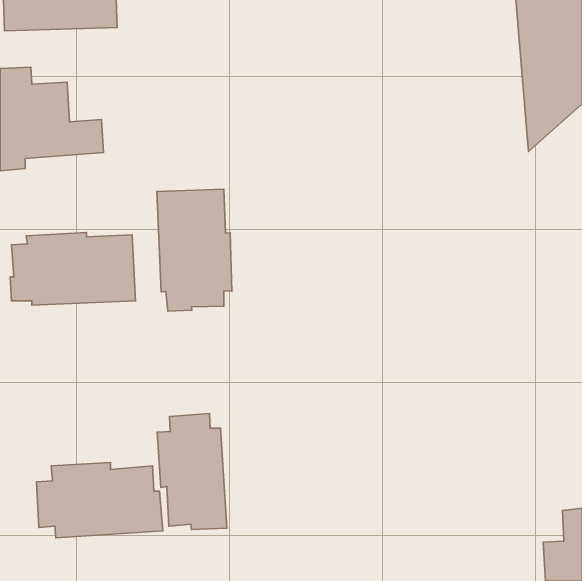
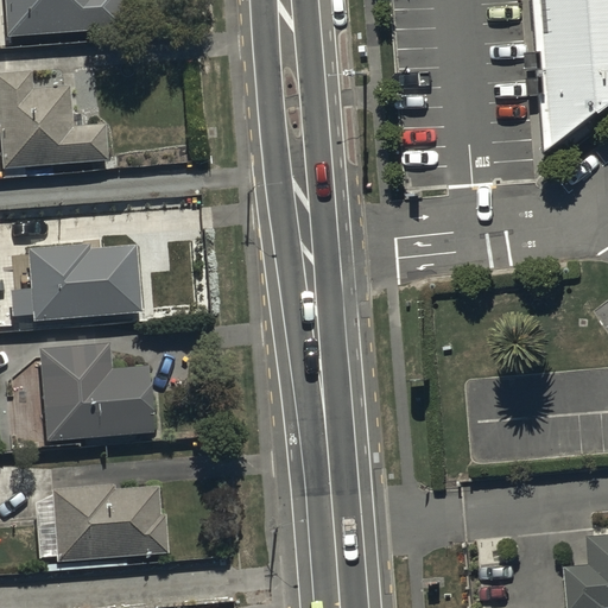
building: [157,189,232,311] -> none
building: none -> [40,341,153,443]
building: [157,413,227,530] -> none

